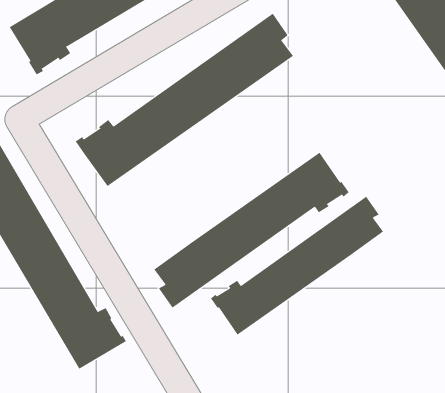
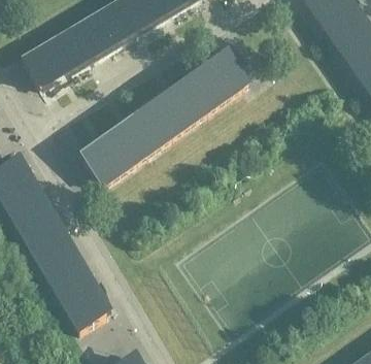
building: [153,152,350,309] -> none
building: [210,196,384,335] -> none

